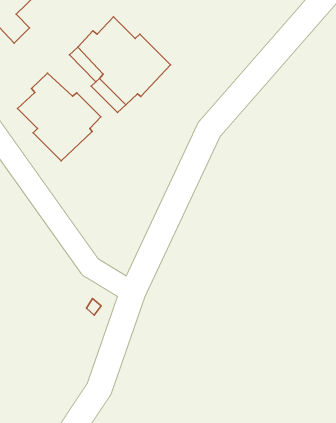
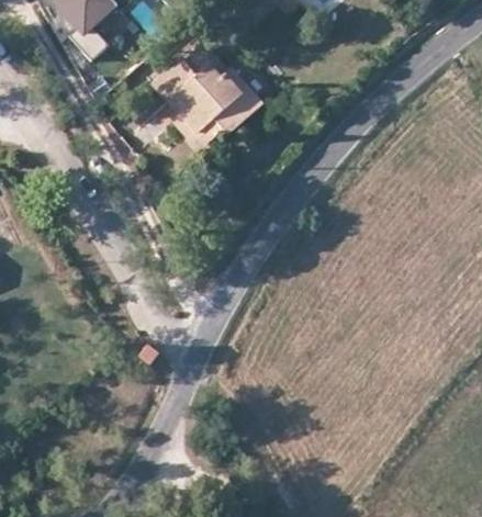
building: [18,73,101,161] -> none

